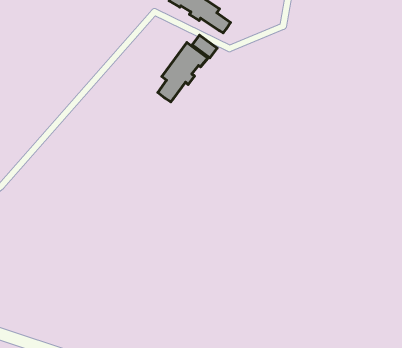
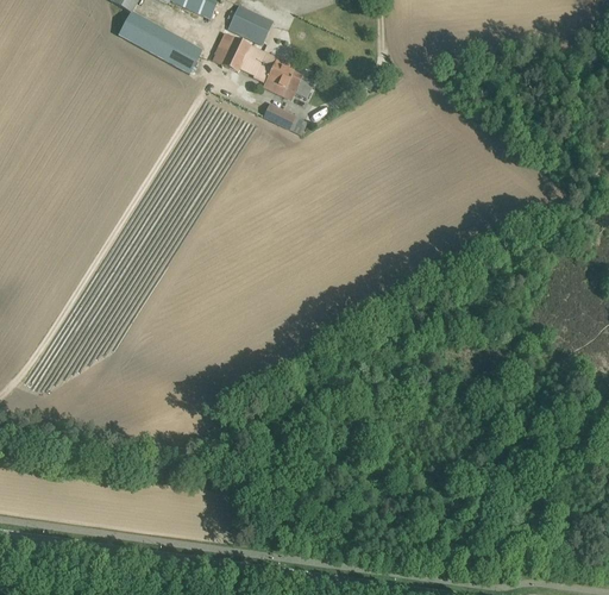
building: [158,42,208,102] -> none

